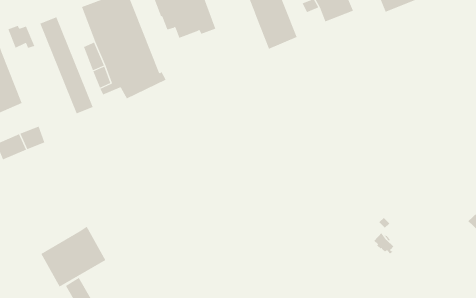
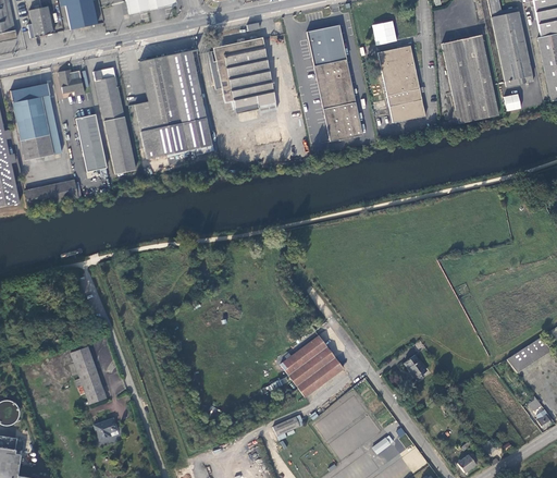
building: none -> [75,113,107,171]
building: [41,226,106,287] -> none
building: none -> [280,335,343,396]

